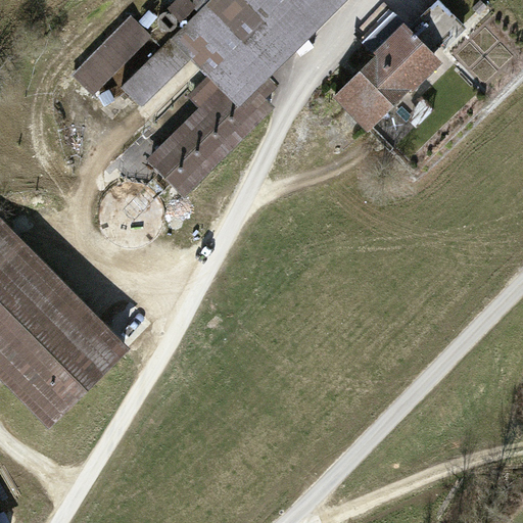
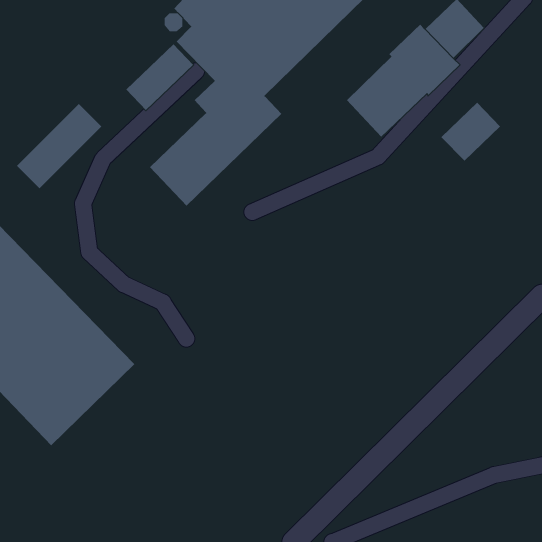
building: [70,12,153,95] -> [16,103,102,189]
building: none -> [441,102,501,162]

